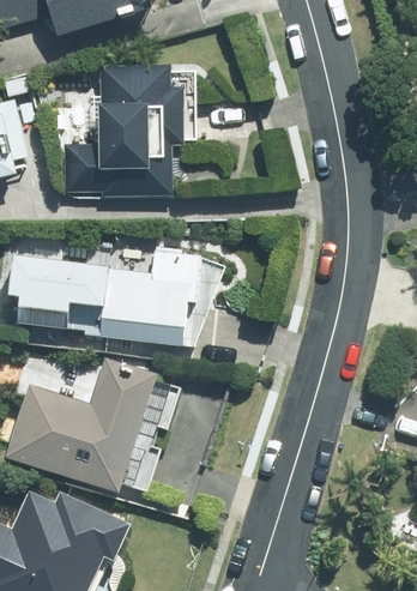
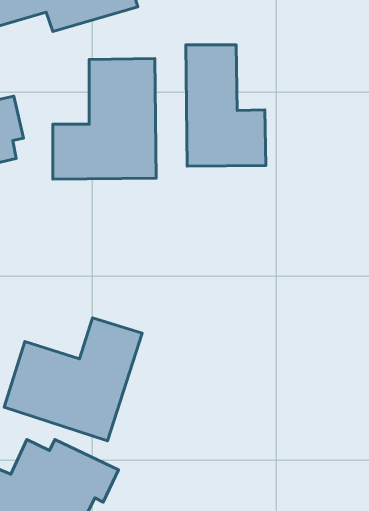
building: none -> [186,45,266,166]
building: [12,249,203,343] -> none

